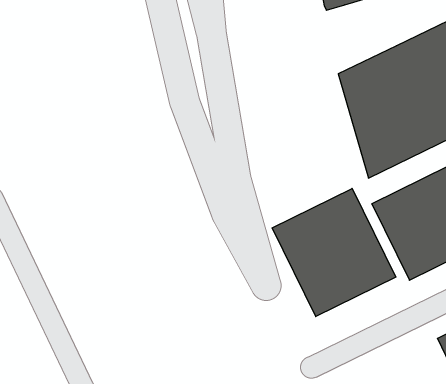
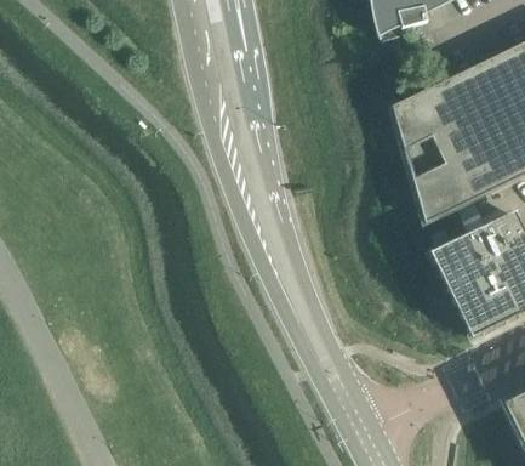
building: [272,188,396,317] -> none

